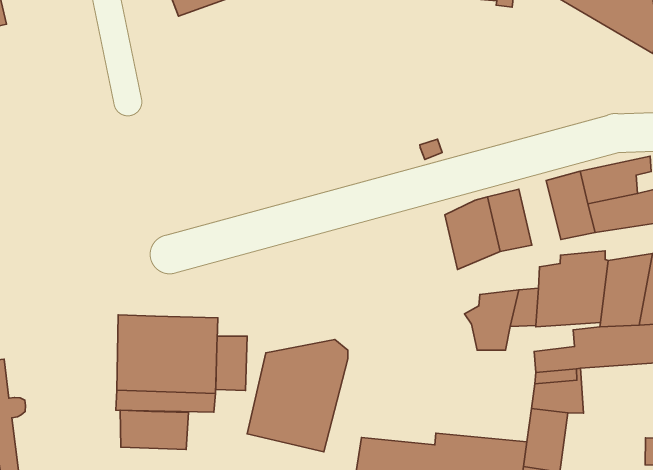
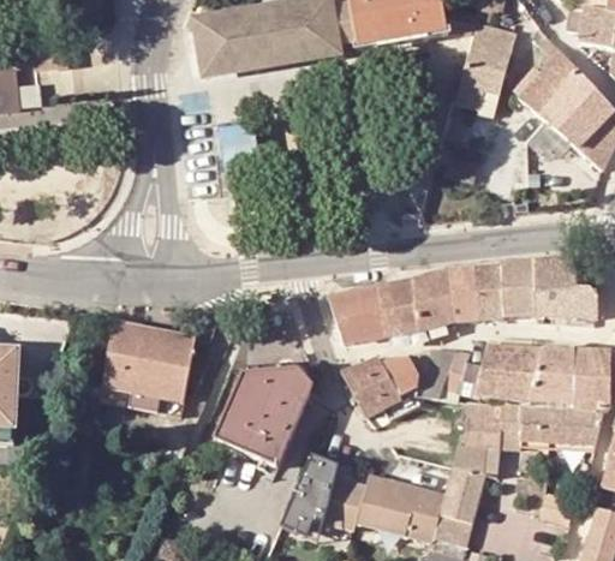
building: none -> [476,264,504,317]
building: none -> [328,280,413,344]
building: none -> [340,357,422,432]
building: [216,336,247,391] -> none
building: [120,410,188,450] -> none

